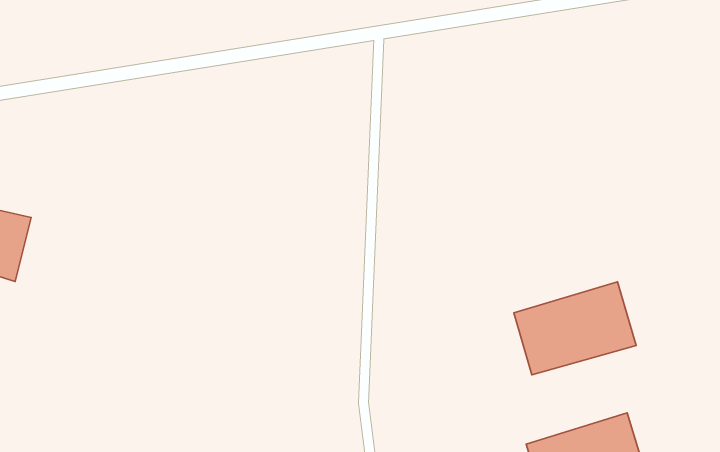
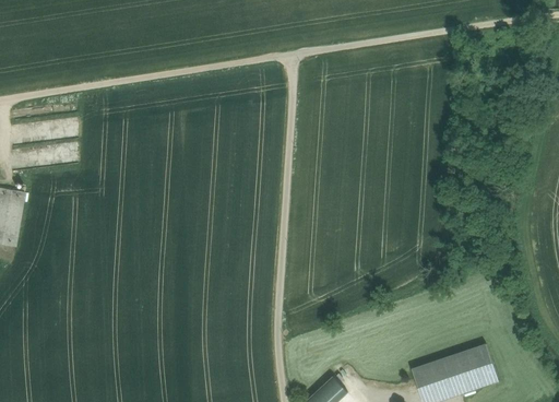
building: [514,282,636,375] -> none

